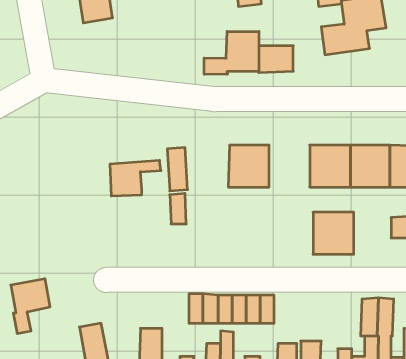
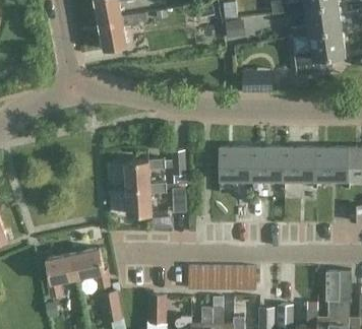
building: [204,31,259,74] -> none
building: none -> [125,183,167,215]
building: [313,212,354,254] -> [251,148,284,182]
building: none -> [72,249,109,288]

